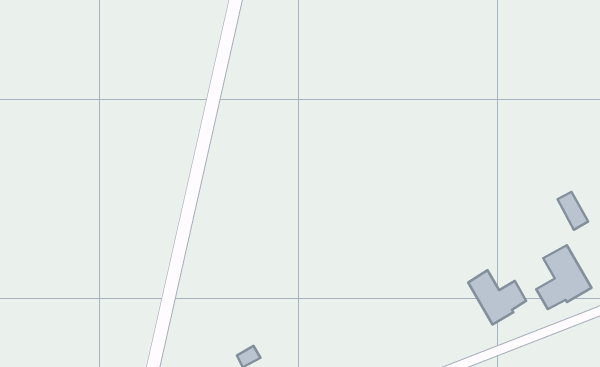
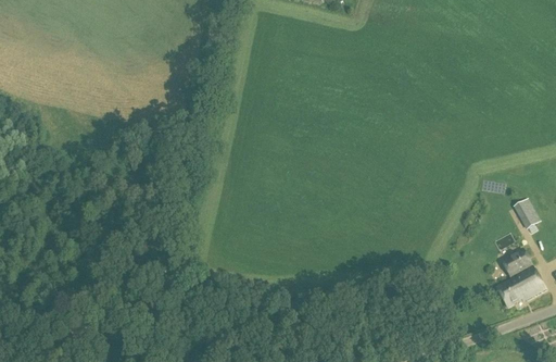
building: [468,270,526,325] -> none

